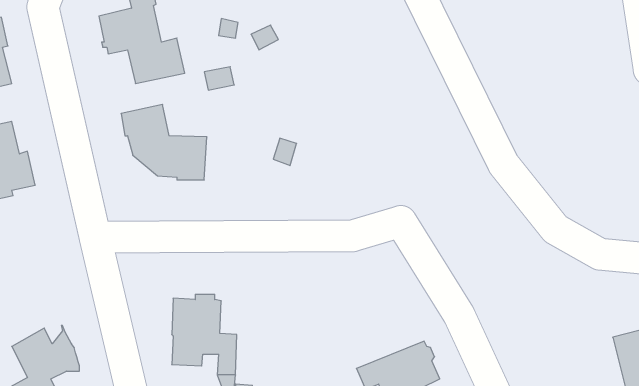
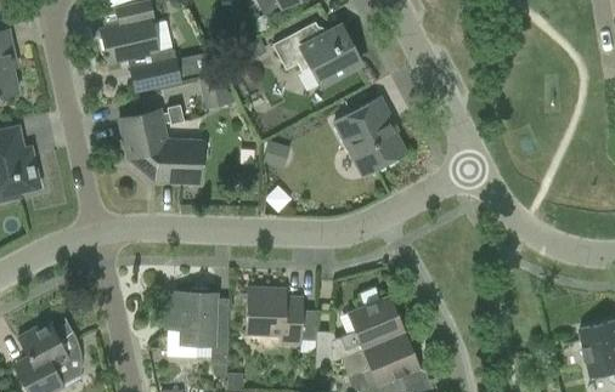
building: none -> [272,25,361,84]
building: none -> [334,97,402,171]
building: none -> [246,292,303,343]
building: none -> [315,295,404,368]

